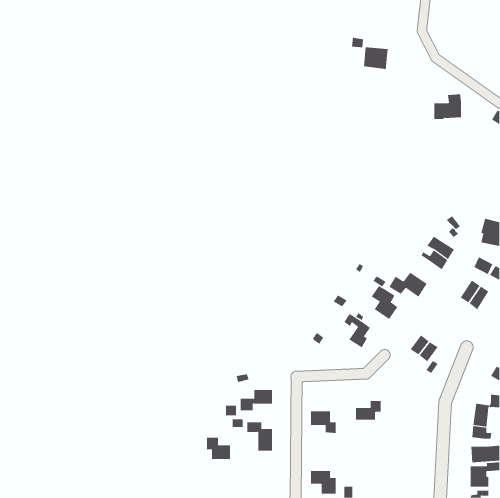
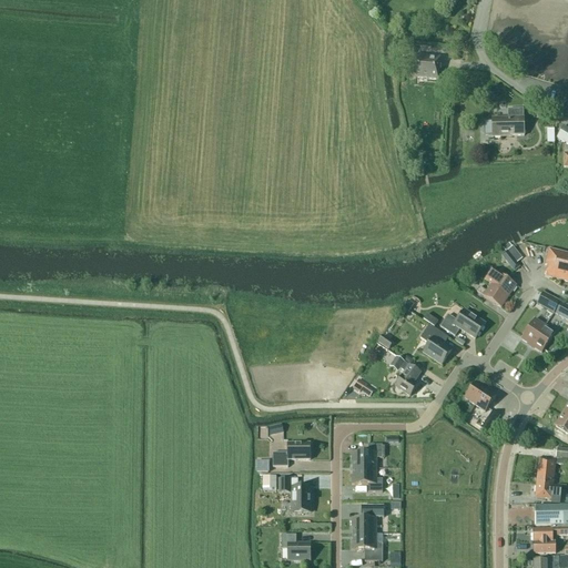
building: [355,401,382,420] -> [352,444,382,466]
building: [206,437,231,460] -> [282,534,310,559]
building: none -> [352,509,382,534]

